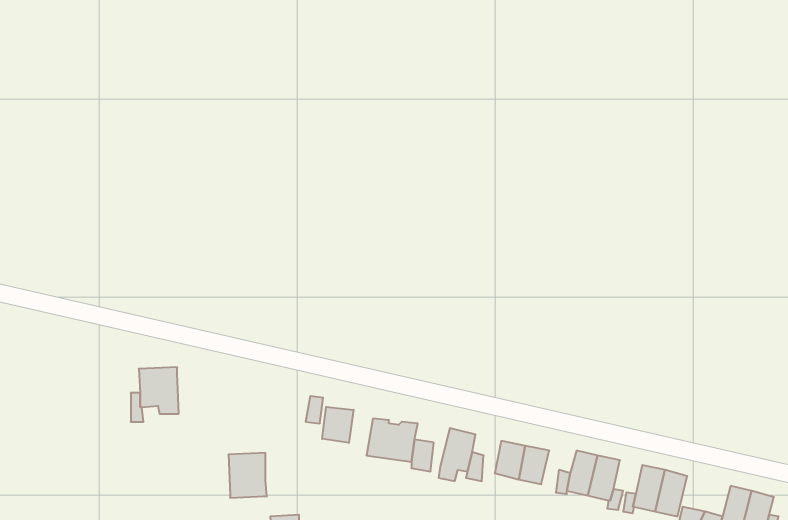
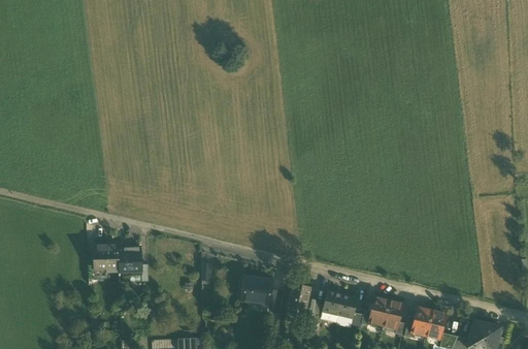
building: [322,407,354,443] -> none
building: [228,453,267,498] -> [118,246,142,275]

